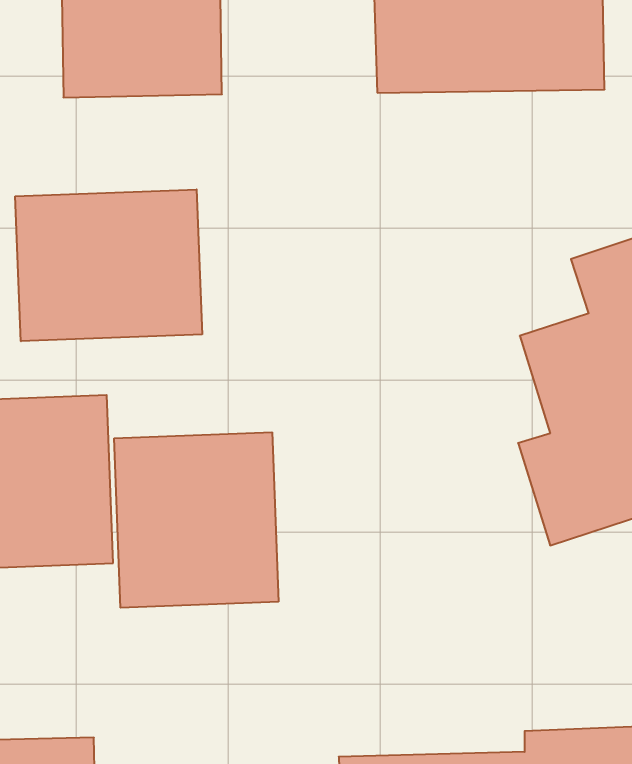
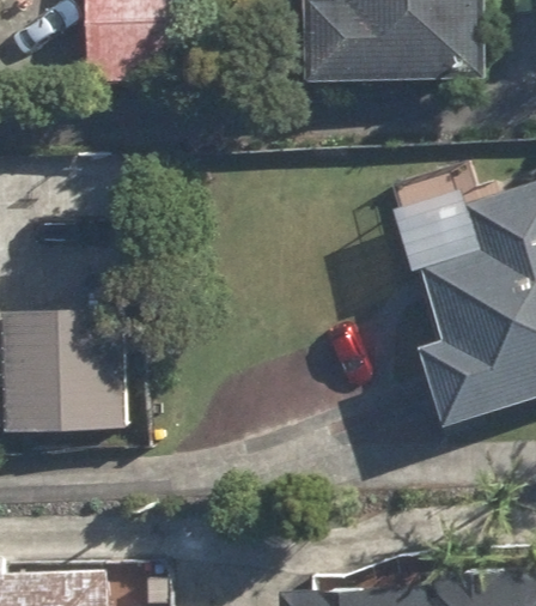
building: [15,189,202,341] -> none
building: [114,432,278,608] -> none

